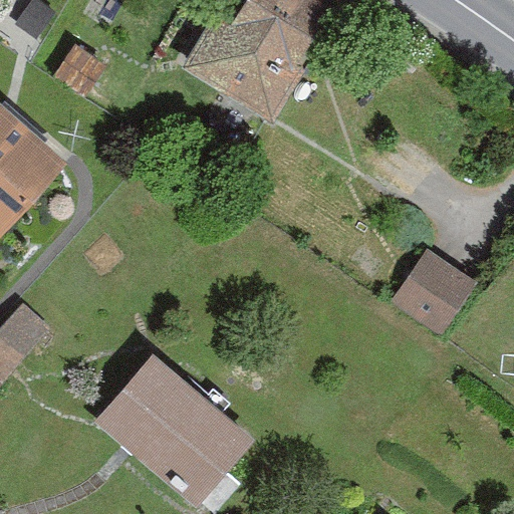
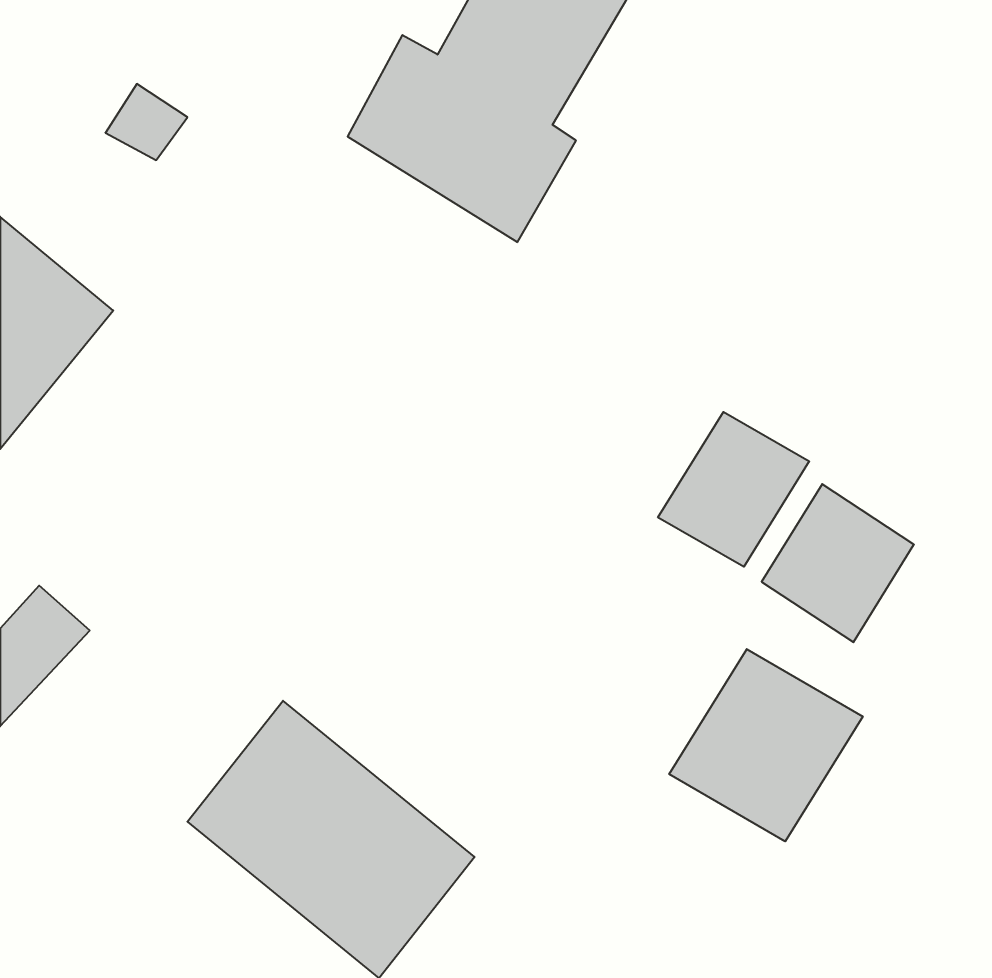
building: none -> [658,412,809,567]
building: none -> [669,649,863,841]

